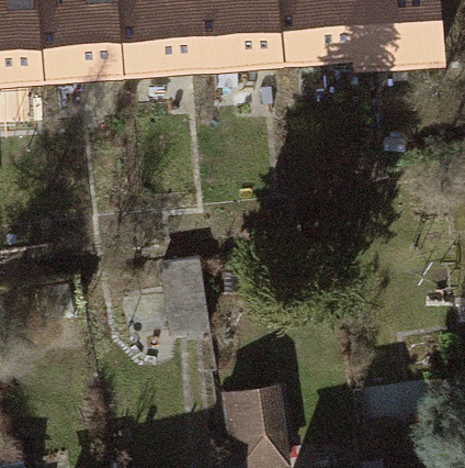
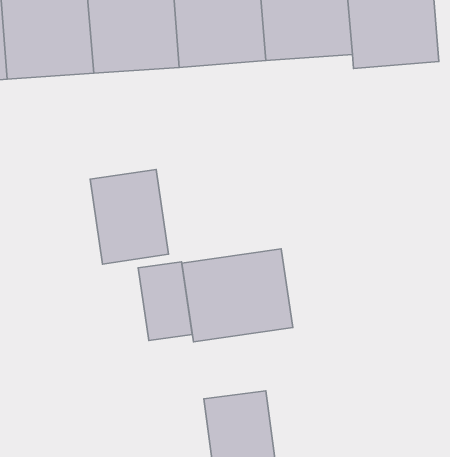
building: none -> [90,169,168,264]
building: none -> [182,249,293,342]

